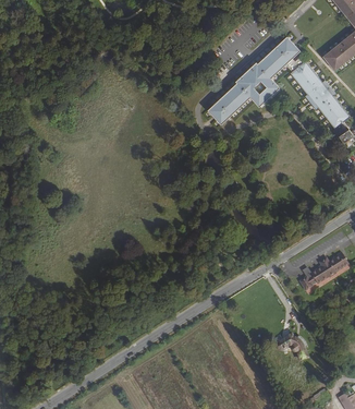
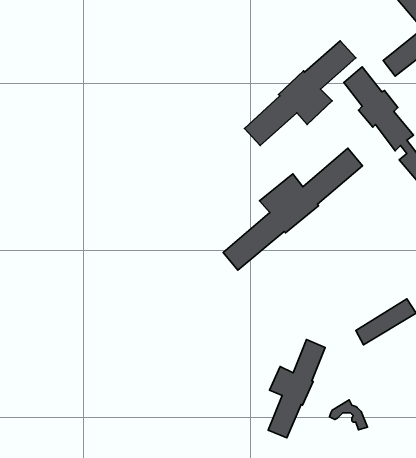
building: none -> [223,148,363,270]
building: none -> [268,340,325,438]

